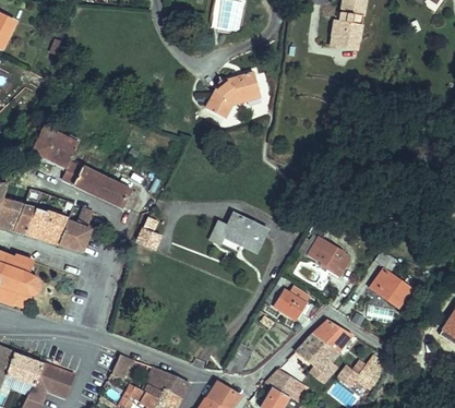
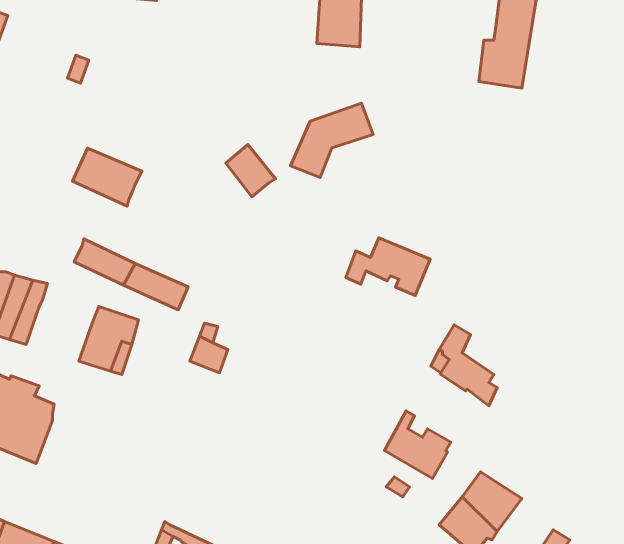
building: none -> [226,144,276,197]
building: [27,130,73,168] -> [73,148,142,206]
building: [26,208,70,244] -> none
building: [207,216,263,254] -> [346,238,430,296]
building: [371,249,411,308] -> none

